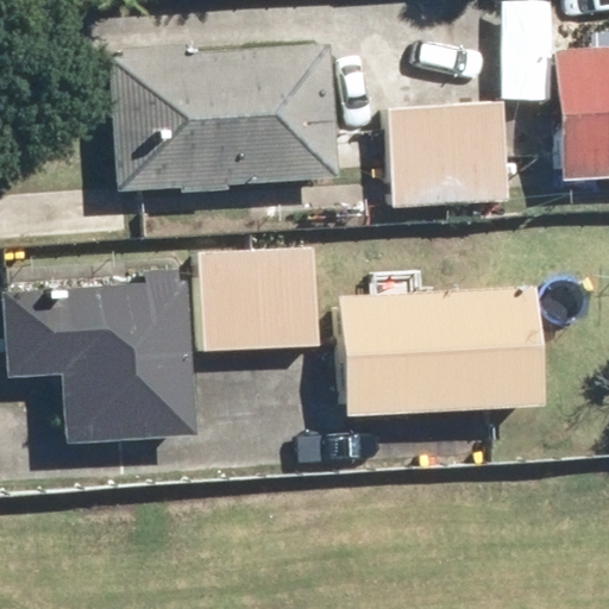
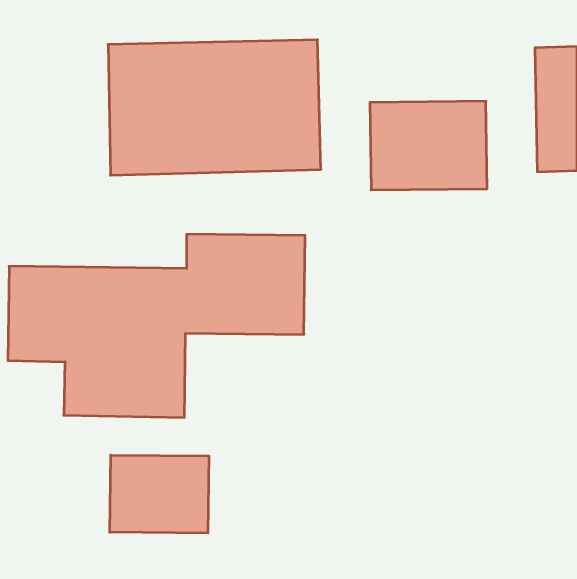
building: [335,265,551,414] -> none
building: none -> [110,455,209,533]

